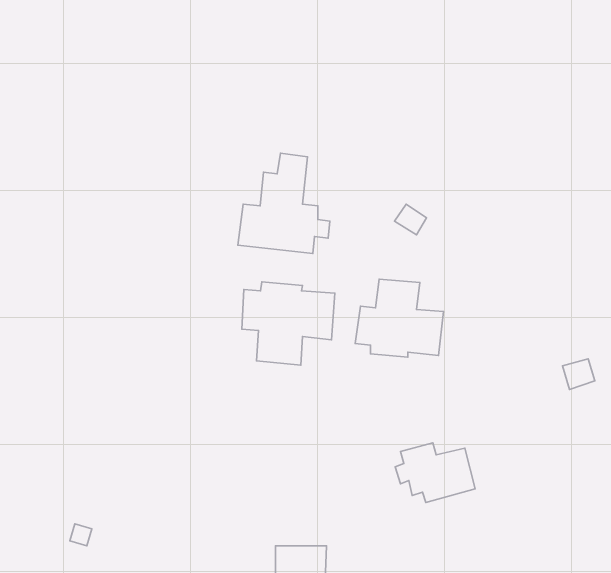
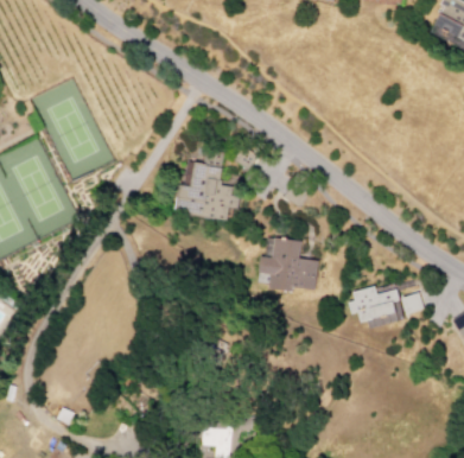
building: [242,282,335,365] -> none
building: [395,443,475,502] -> [348,285,403,326]

